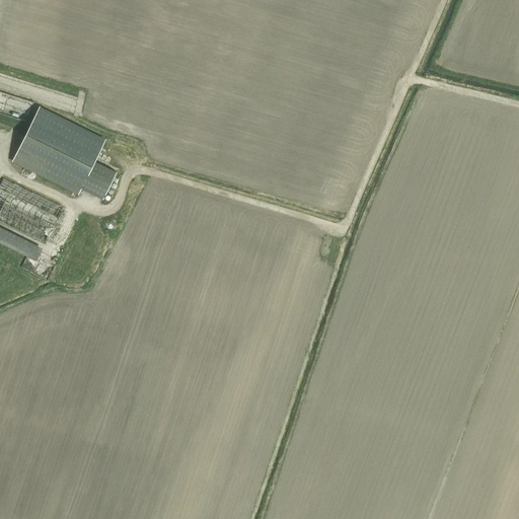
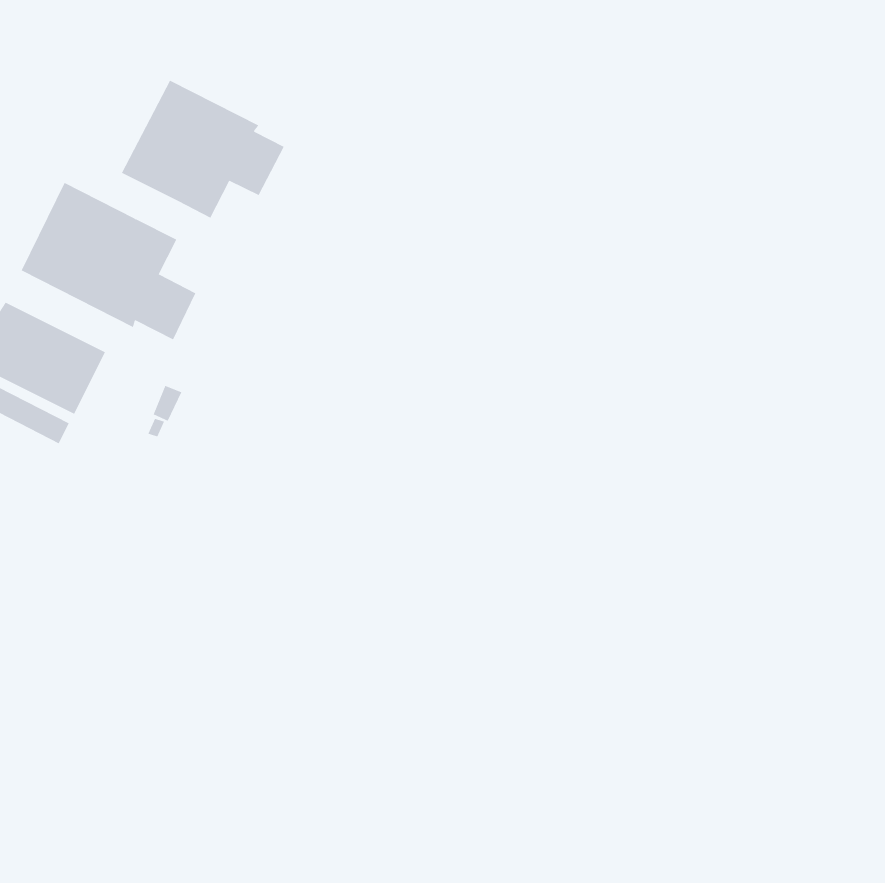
building: none -> [121,80,285,218]

